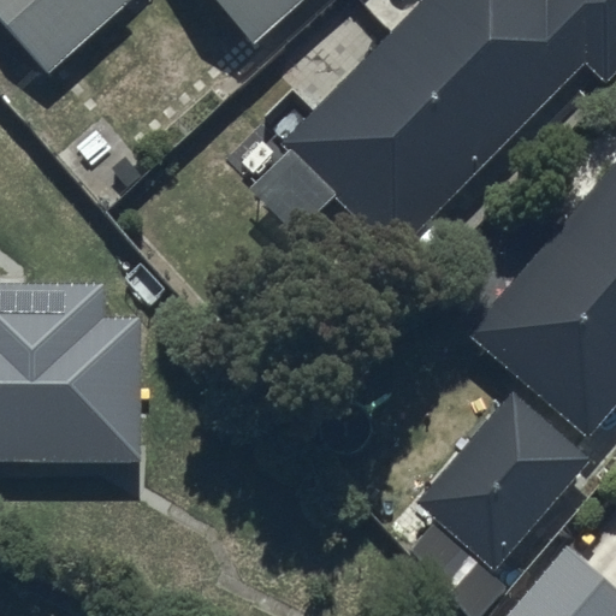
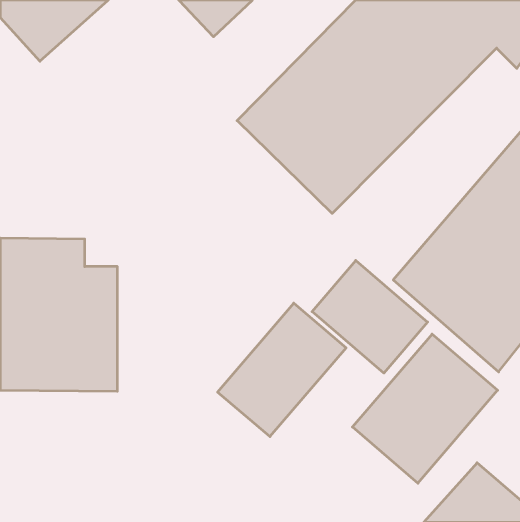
building: none -> [312,260,428,373]
building: none -> [218,303,346,437]

